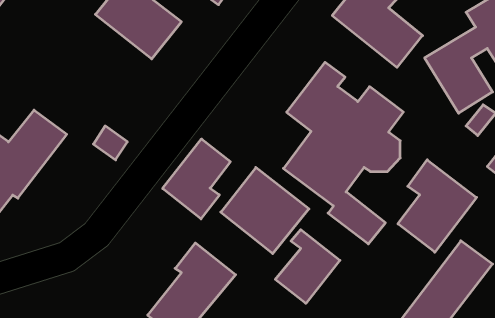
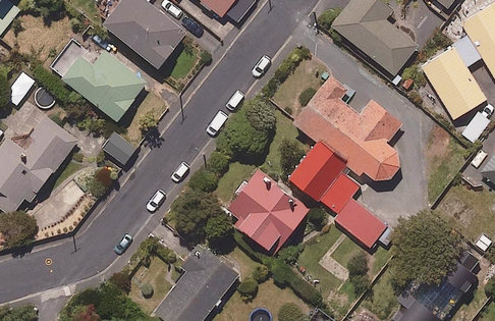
building: none -> [49,39,148,120]
building: [163,139,230,219] -> none
building: [398,160,477,252] -> none
building: [275,230,340,303] -> none

